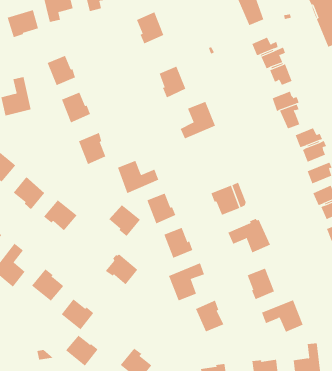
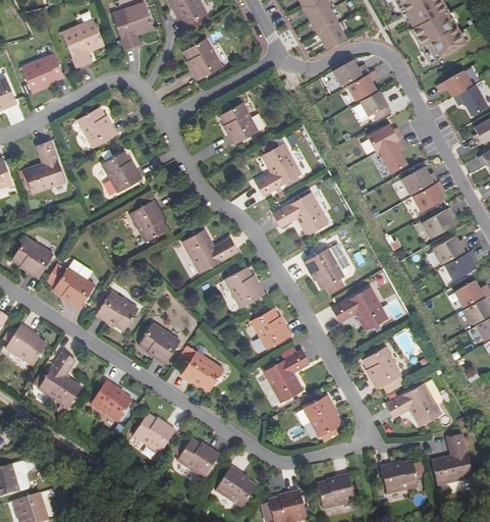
building: none -> [273,193,328,236]
building: [109,205,141,237] -> [141,323,181,363]
building: [65,335,98,366] -> [176,439,218,478]

